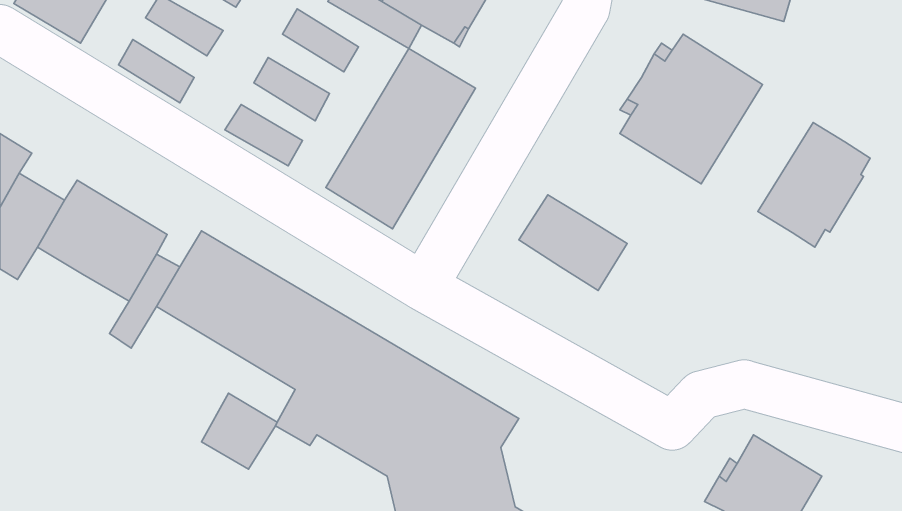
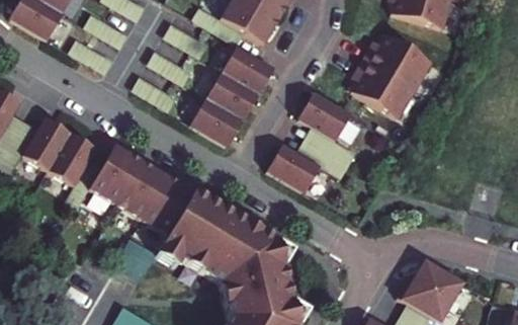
building: [758,122,870,247] -> none
building: none -> [296,91,350,140]
building: none -> [265,143,318,190]

